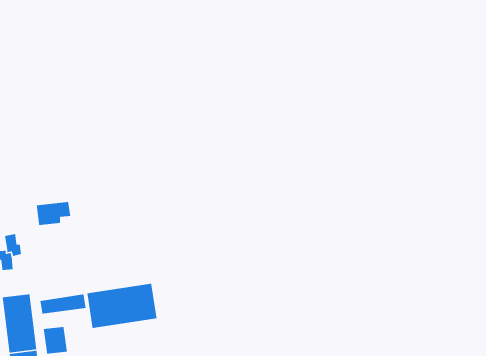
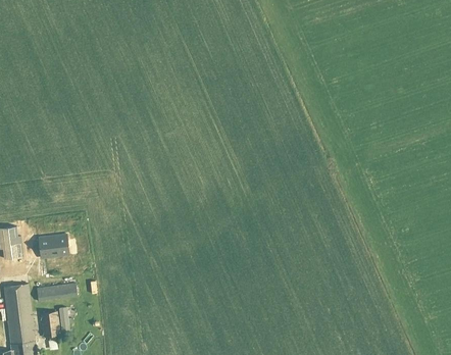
building: [36,201,71,226] -> [39,234,69,255]
building: [86,283,157,329] -> none

